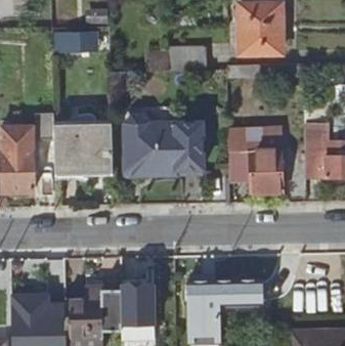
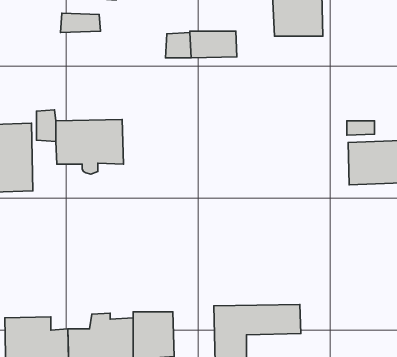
building: [124,117,203,175] -> none
building: [228,130,284,193] -> none

